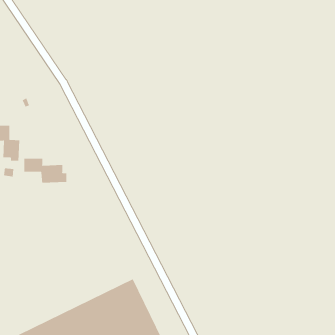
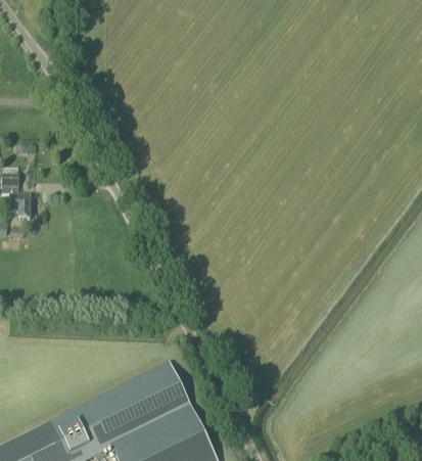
building: [24,158,67,184] -> none

